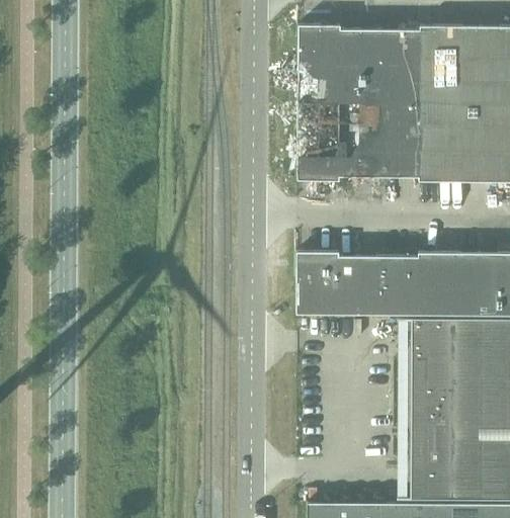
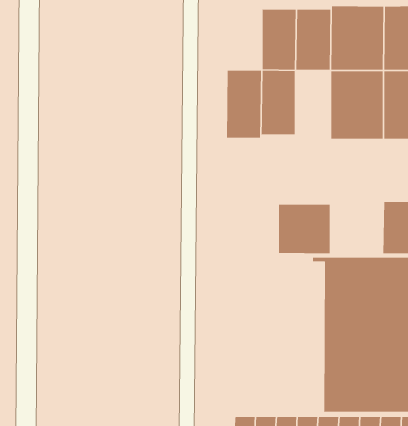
building: [299,24,339,100] -> none
building: [378,101,419,177] -> none
building: [296,251,358,314] -> none
building: [419,252,481,315] -> none

